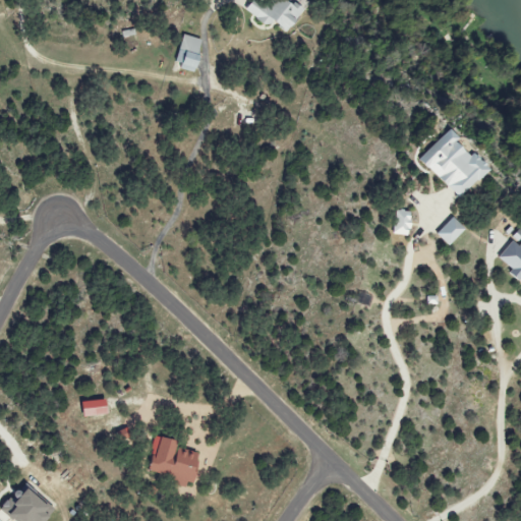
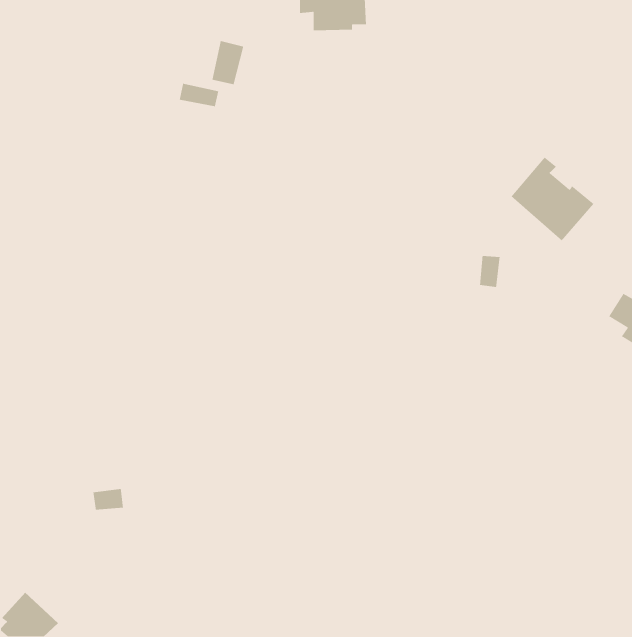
building: none -> [179,83,219,107]
building: [438,215,467,244] -> none
building: [144,437,201,484] -> none

